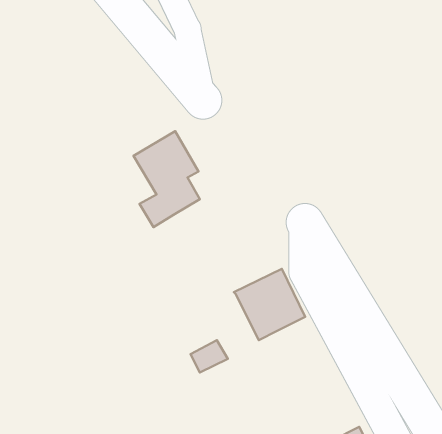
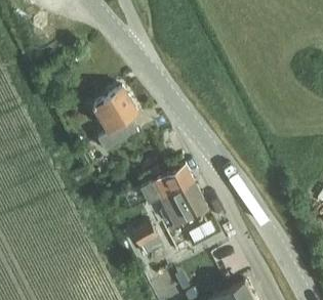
building: none -> [142,167,194,204]

